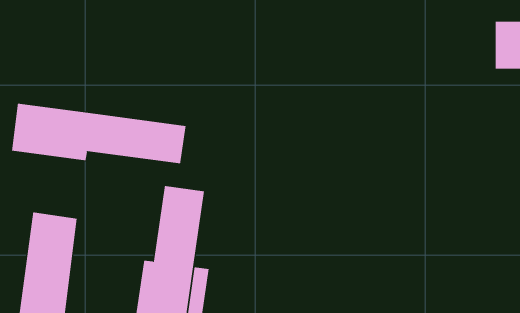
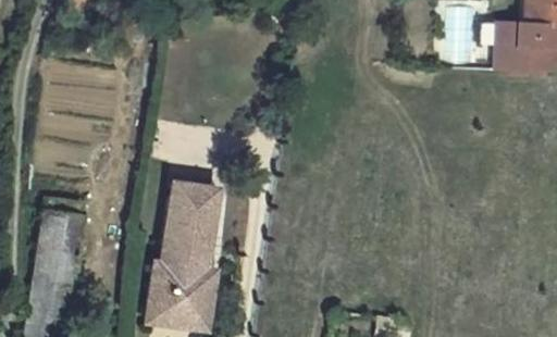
building: [12,103,186,164] -> none

